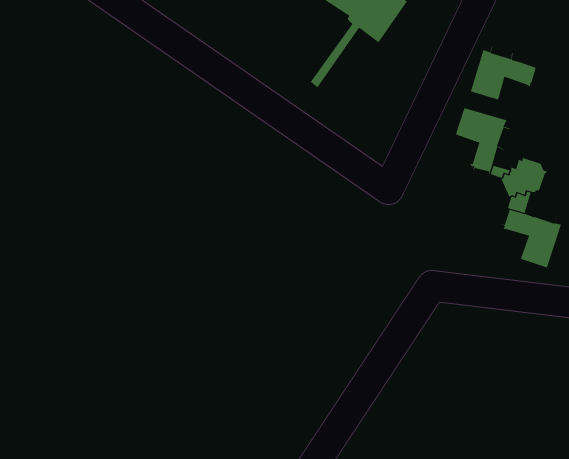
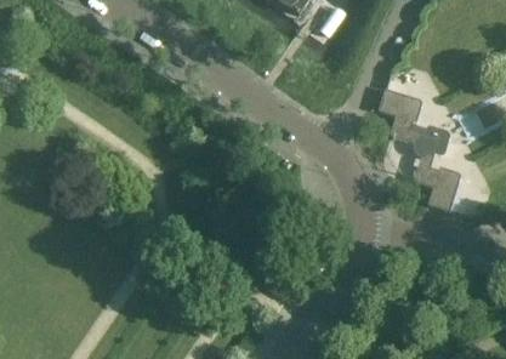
building: [470,46,540,101] -> none

